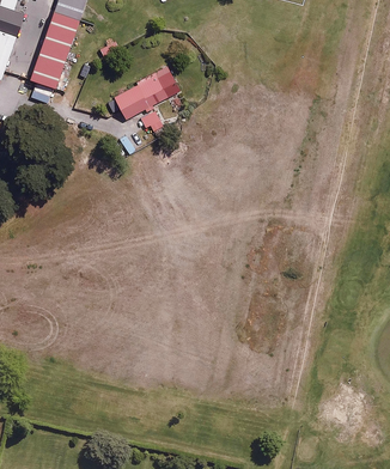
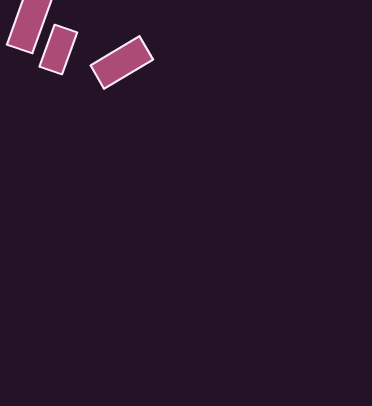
building: none -> [40,25,77,74]

